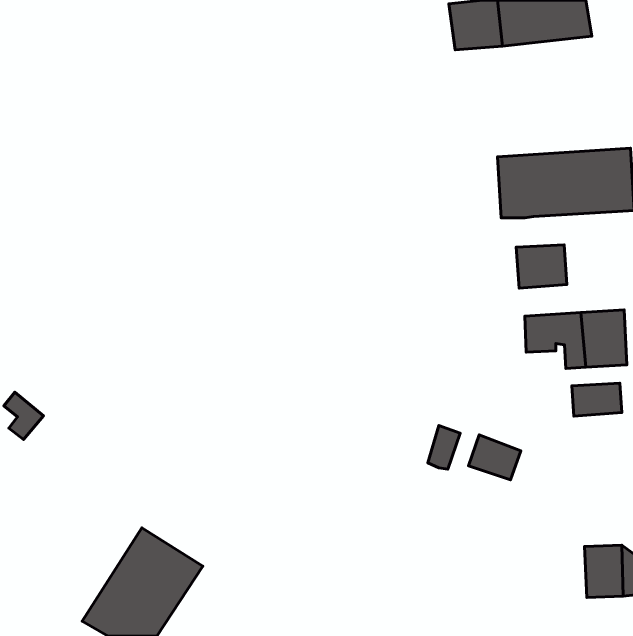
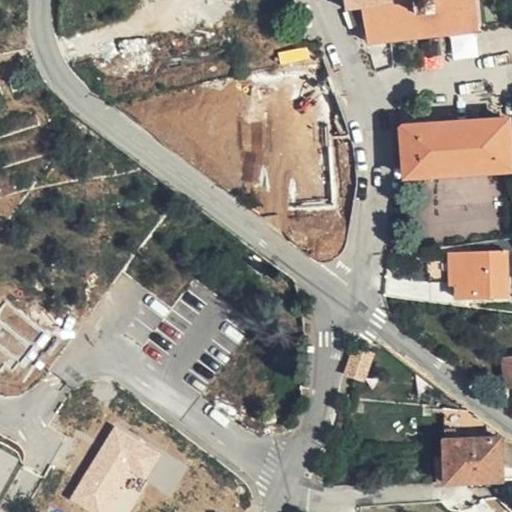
building: [516,245,567,288] -> none
building: [572,383,622,416] -> none
building: [468,435,521,480] -> none
building: none -> [438,430,474,481]

